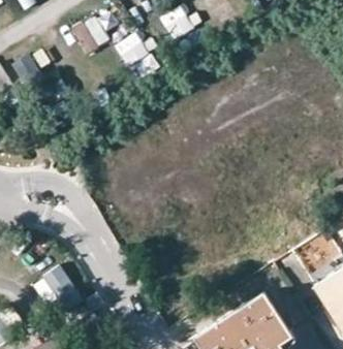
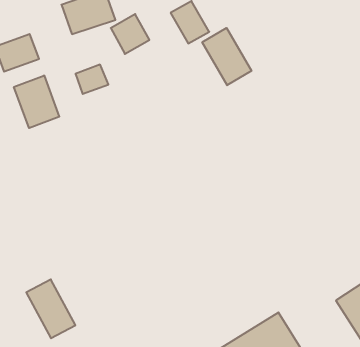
building: none -> [202,28,251,85]
building: none -> [14,75,59,128]

